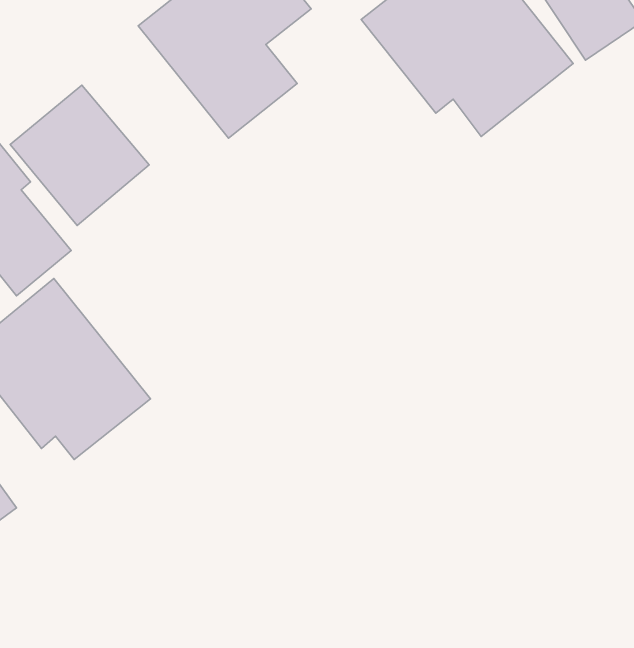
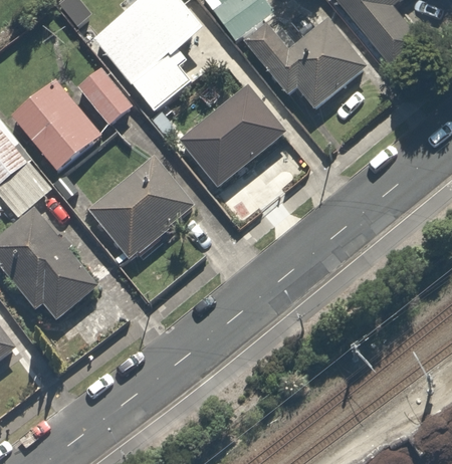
building: none -> [74,63,131,122]
building: none -> [176,88,284,189]
building: none -> [86,150,202,261]

